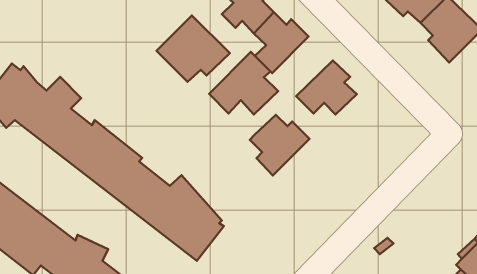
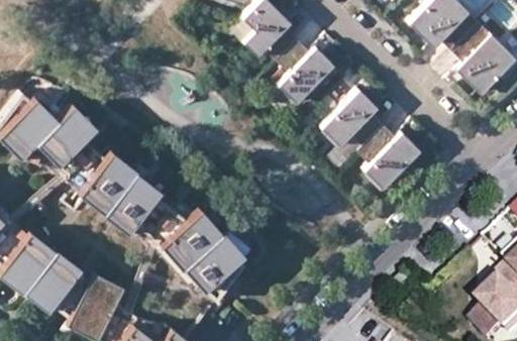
building: [157,15,230,82] -> none
building: [209,52,278,114] -> none
building: [250,115,310,175] -> [357,125,420,189]

